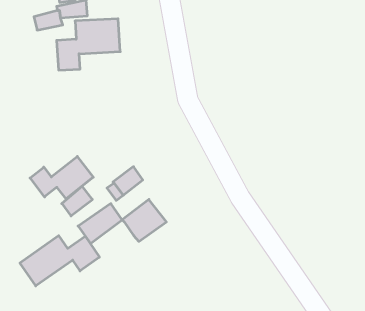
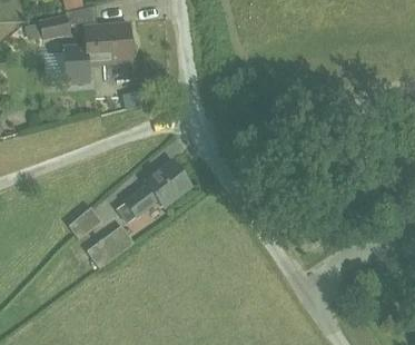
building: [30,156,93,199] -> none
building: [122,199,166,241] -> [145,160,192,206]
building: [20,236,99,286] -> none

